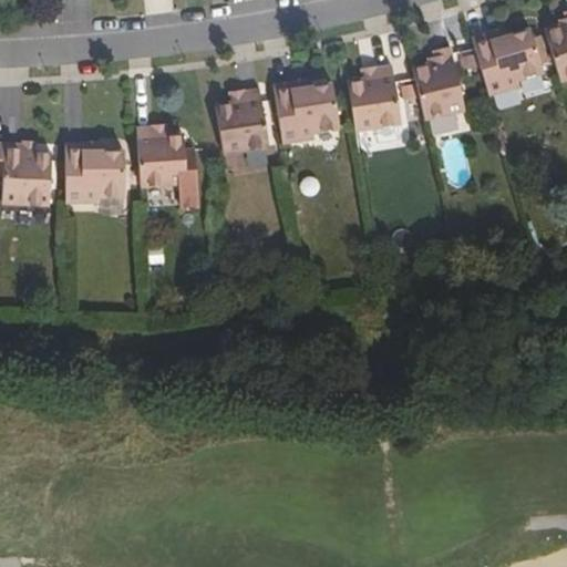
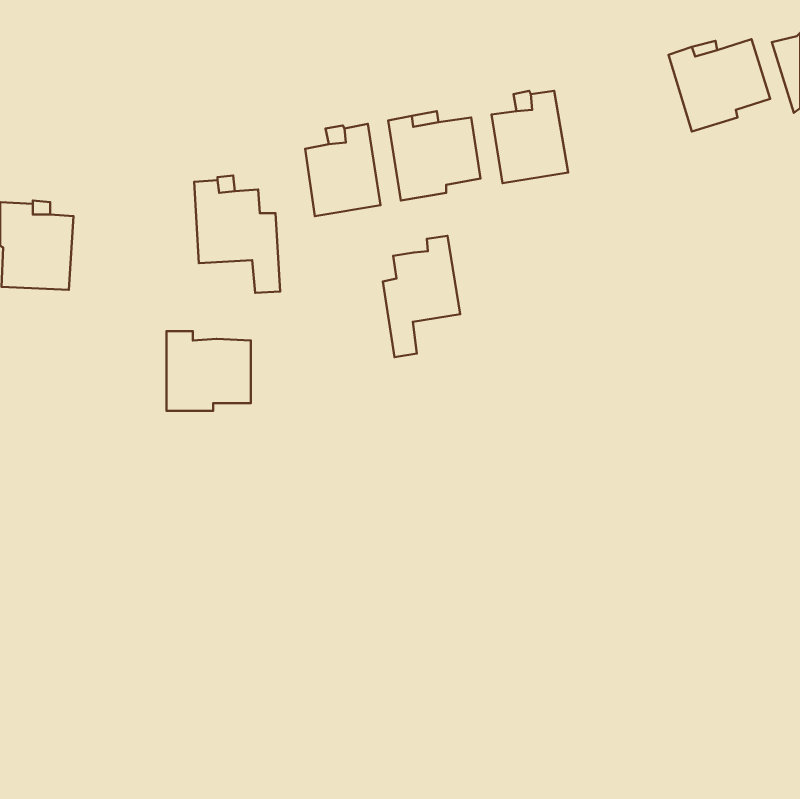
building: [413,45,465,118] -> none
building: [65,146,125,203] -> [166,331,251,411]
building: none -> [383,236,460,357]

